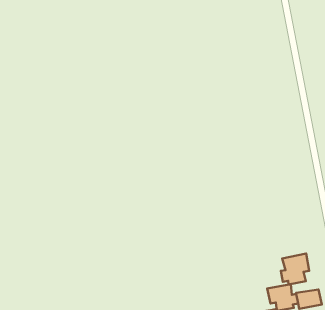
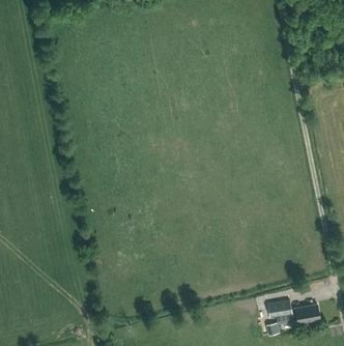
building: [281,254,309,285] -> none

